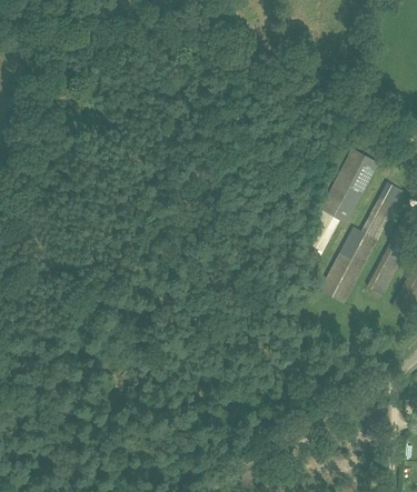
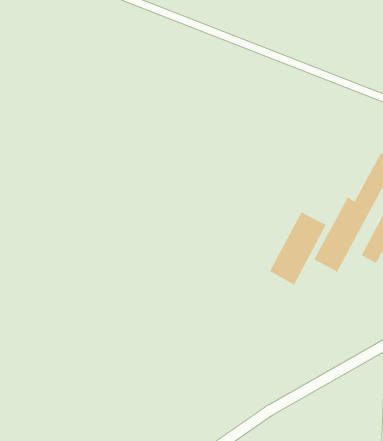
building: [319,148,377,222] -> [269,212,327,285]

